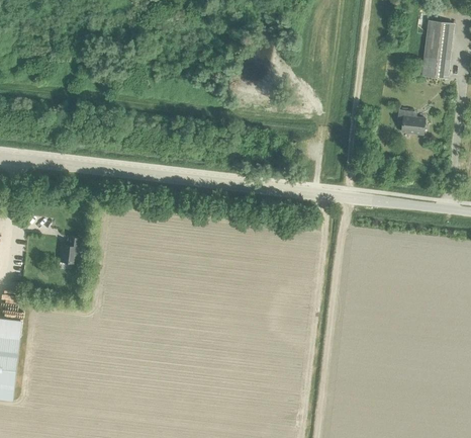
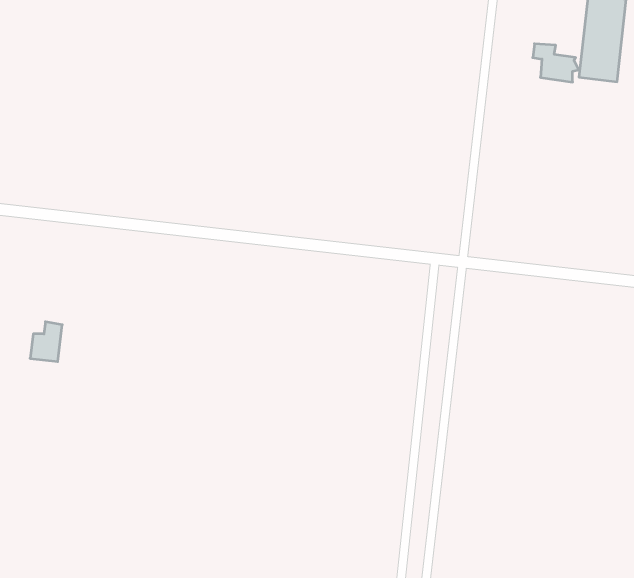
building: [395,109,426,135] -> [533,44,579,82]

